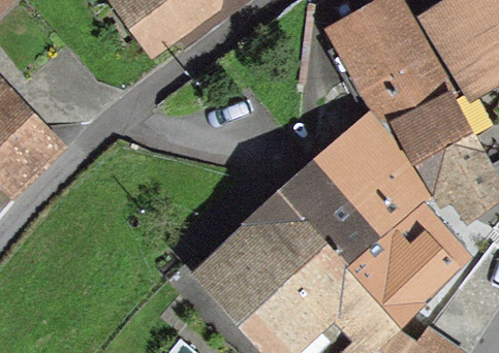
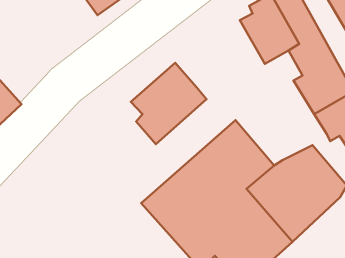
building: none -> [131,63,206,144]
building: [323,116,436,222] -> none

